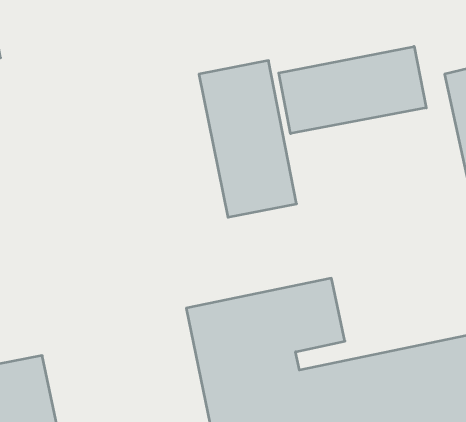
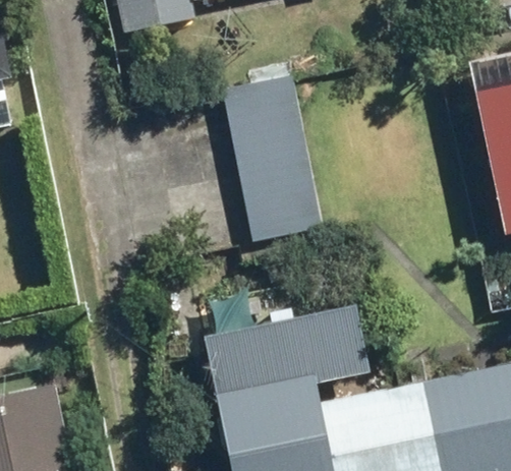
building: [279,46,426,134] -> none

